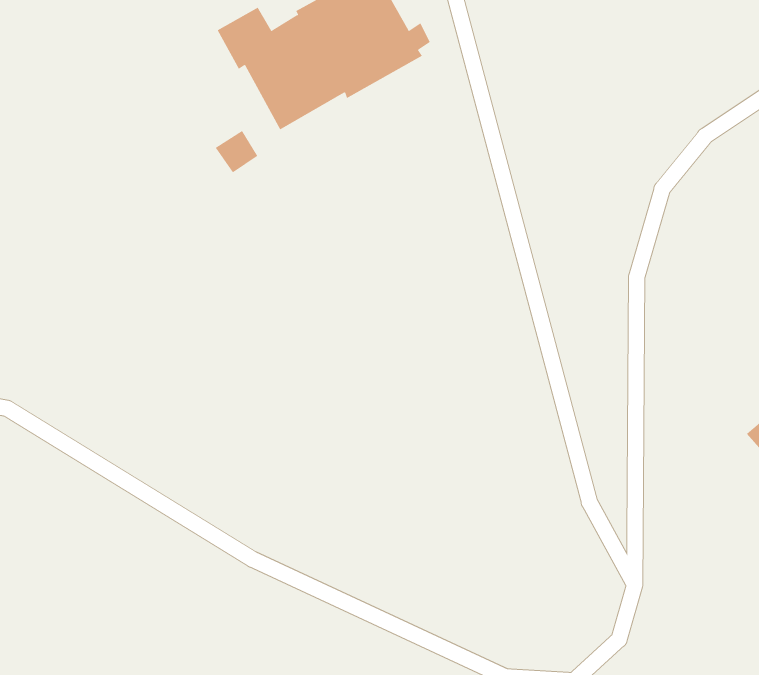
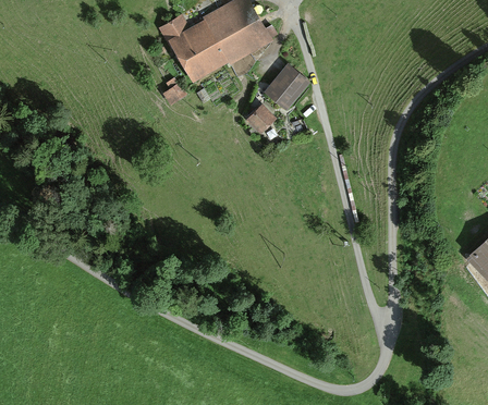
building: none -> [266,65,309,110]
building: none -> [244,102,273,132]

